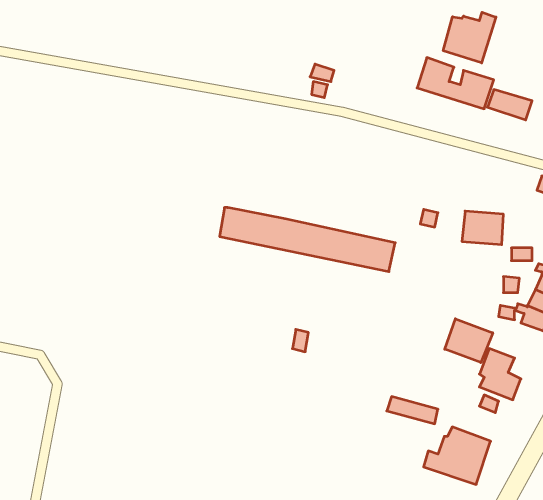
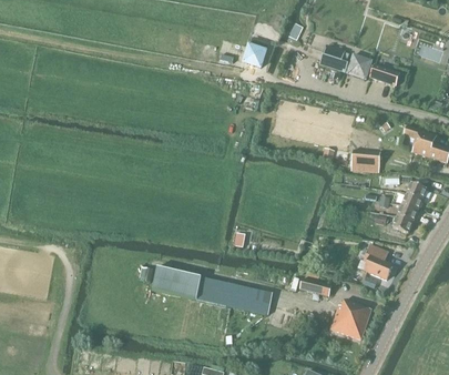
building: [443,12,496,63] -> none
building: [220,208,395,272] -> [152,267,274,312]
building: [445,319,493,363] -> none

